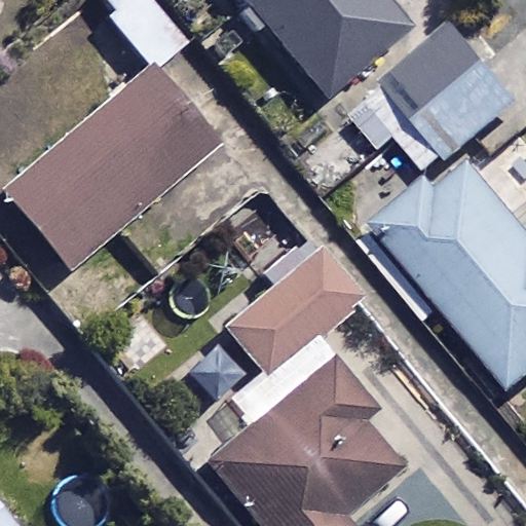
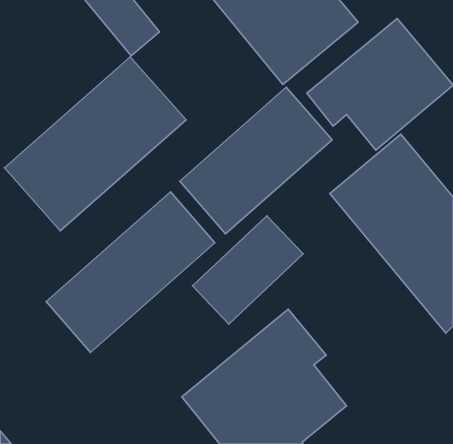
building: none -> [180,87,332,234]
building: none -> [46,192,215,352]

